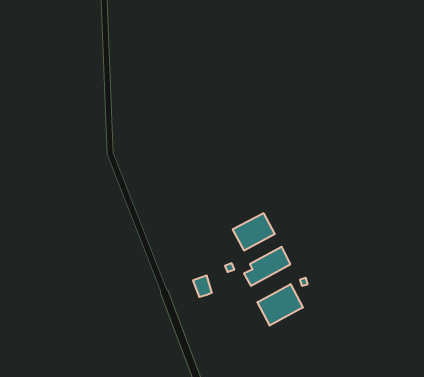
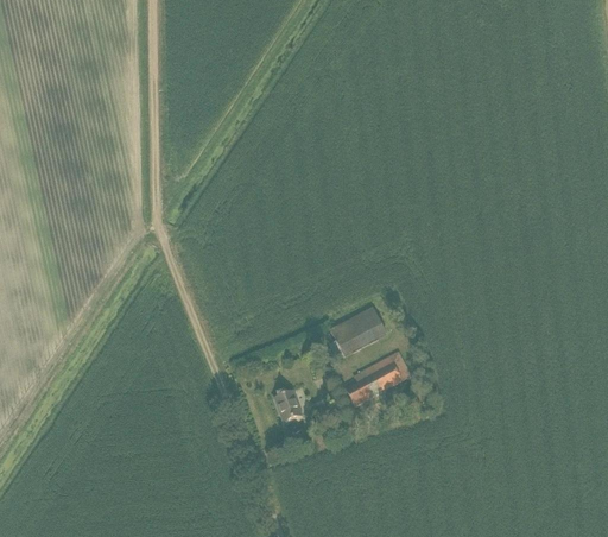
building: [257,284,303,326] -> none

